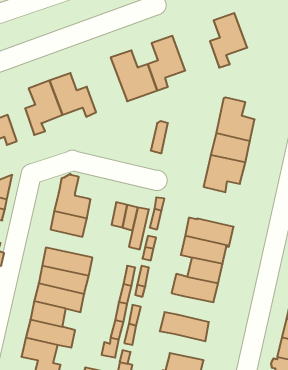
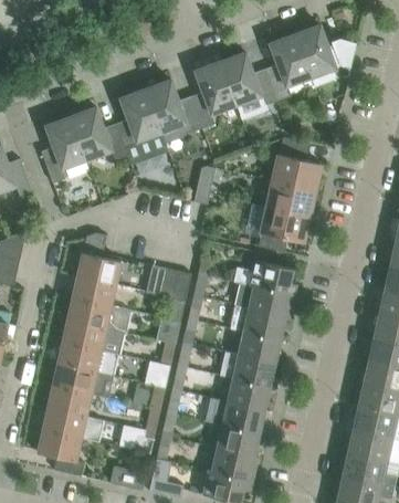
building: none -> [295,24,355,87]
building: none -> [220,52,276,107]
building: none -> [116,88,168,163]
building: none -> [233,260,296,294]
building: none -> [66,297,129,332]
building: none -> [227,378,270,410]
building: none -> [217,425,260,457]

